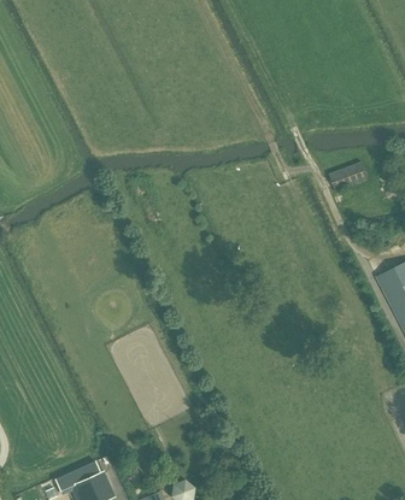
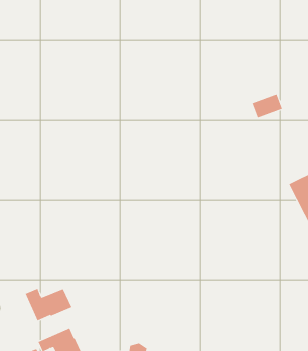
building: none -> [25,288,72,321]

